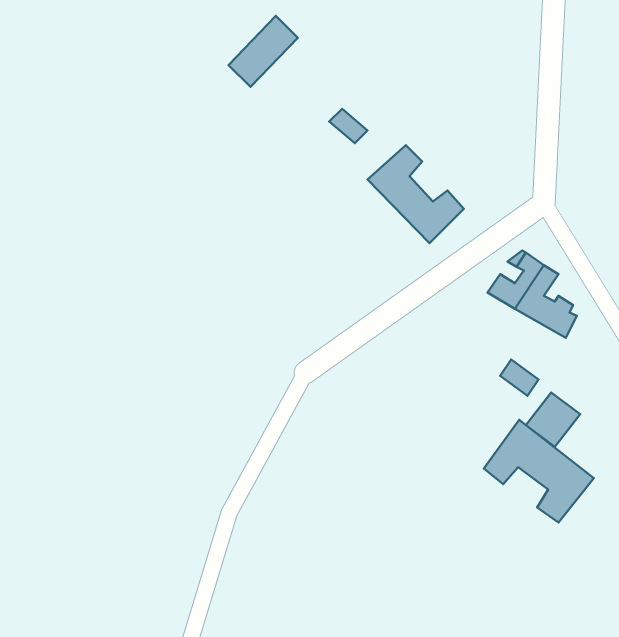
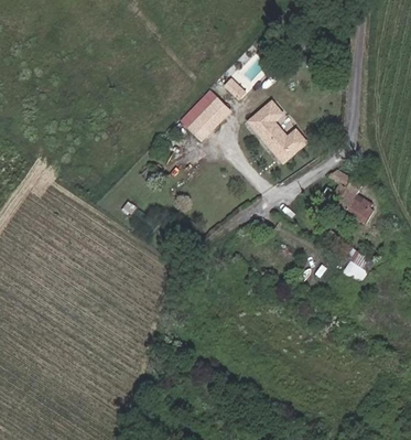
building: [229,16,298,87] -> [184,97,226,140]
building: [484,420,594,523] -> none

